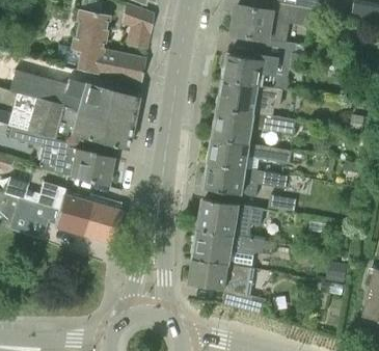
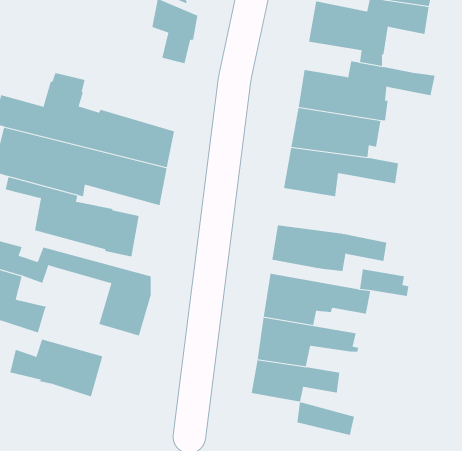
building: [72,9,143,83] -> none
building: [209,137,291,169] -> none
building: [24,192,90,234] -> [9,339,103,397]

